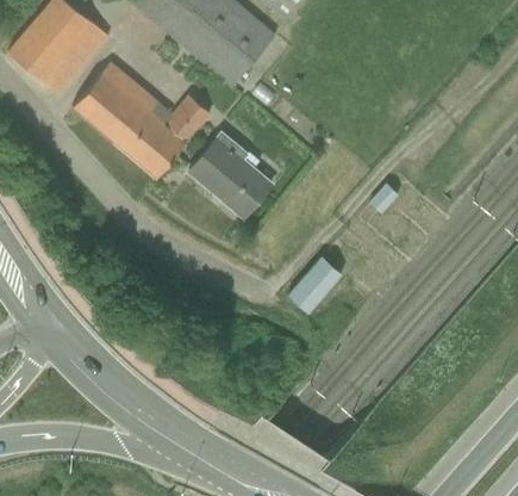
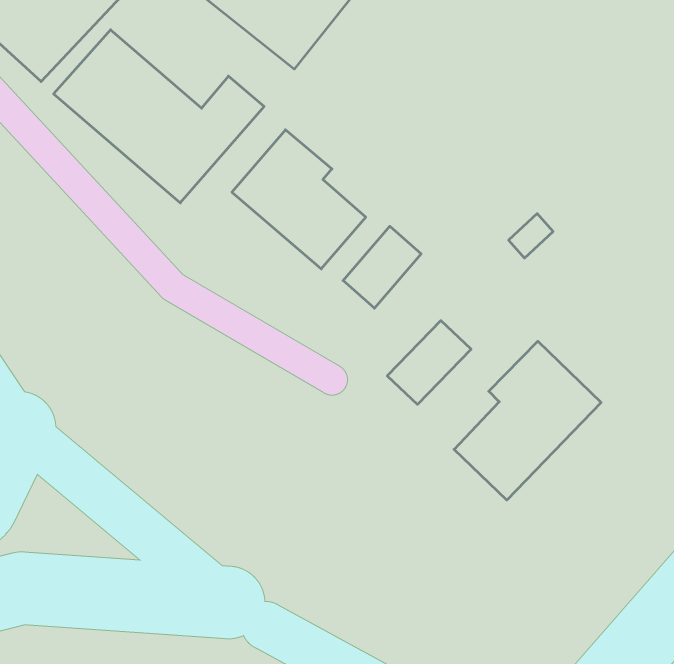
building: none -> [343,226,421,308]
building: none -> [454,341,601,500]

